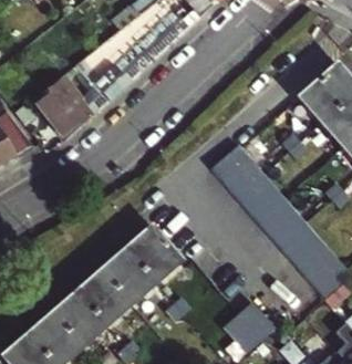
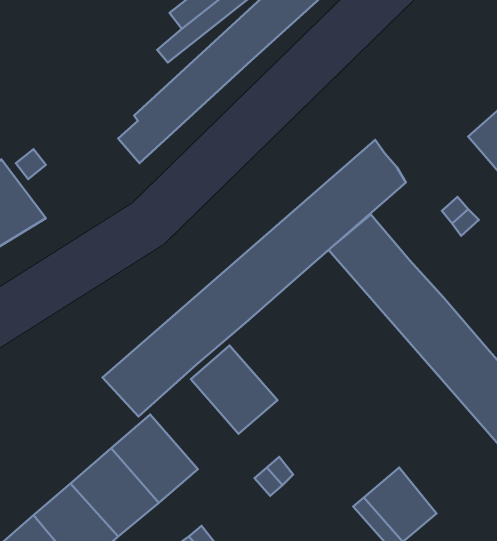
building: [33,65,93,138] -> none
building: none -> [102,140,406,416]
building: [100,248,155,304] -> none

